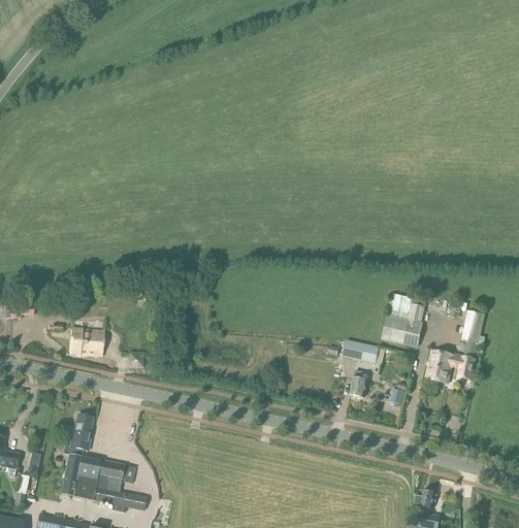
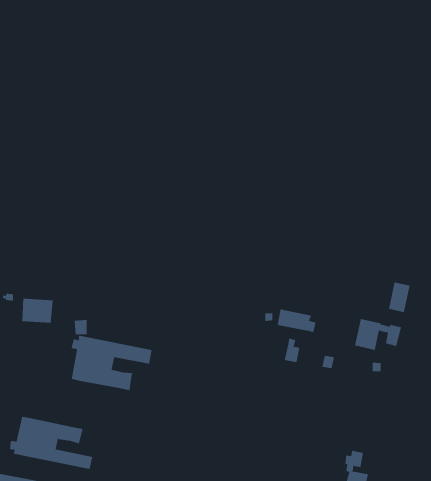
building: [381,303,425,348] -> none
building: none -> [71,335,152,391]
building: [63,415,93,456] -> none

